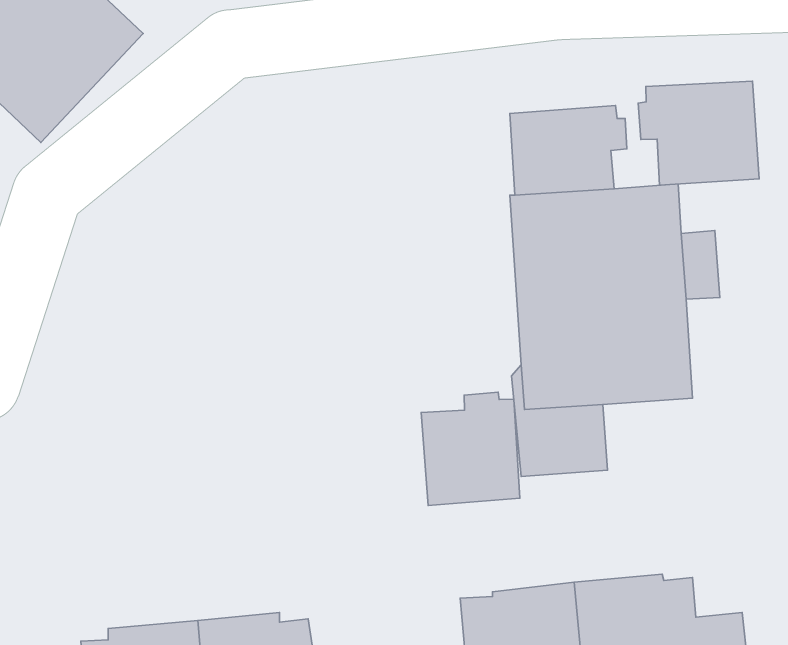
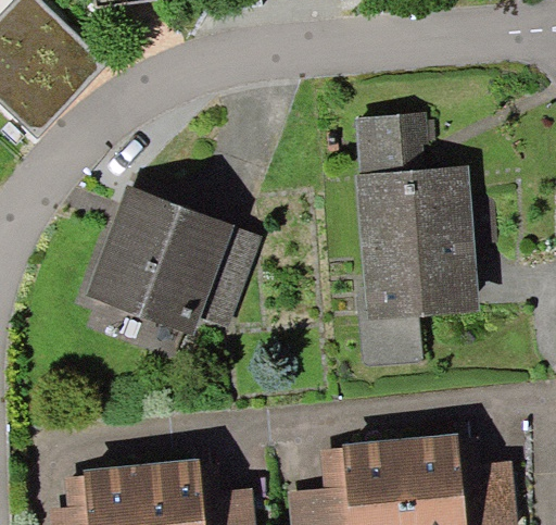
building: [638,81,759,185] -> none
building: none -> [84,185,261,337]
building: [421,392,520,505] -> none

